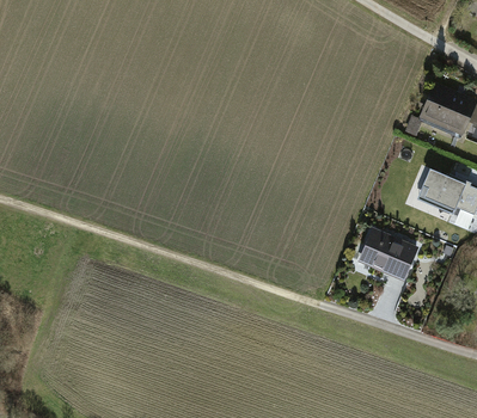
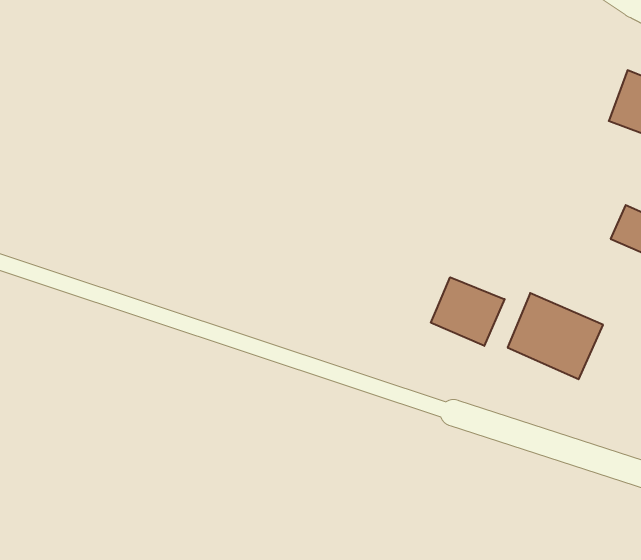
building: none -> [431,277,505,346]

